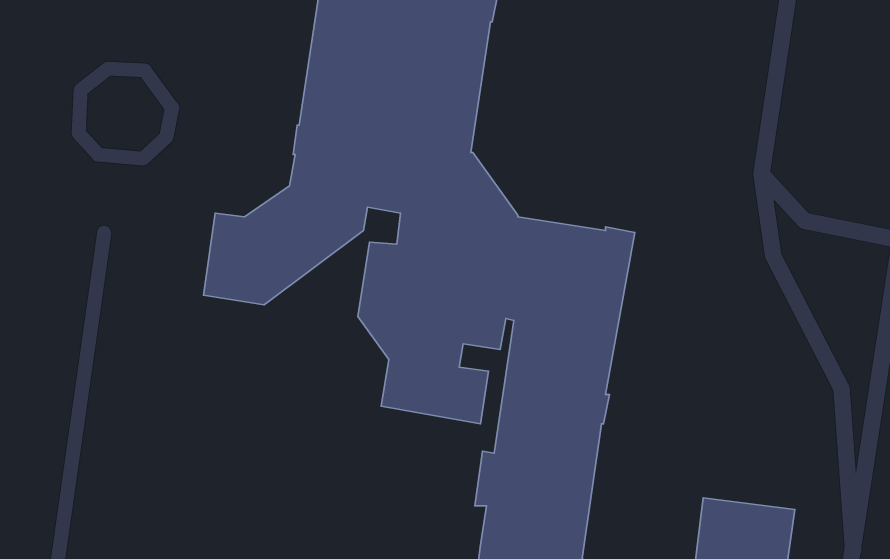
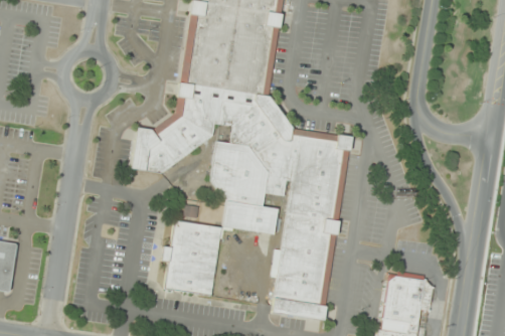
building: none -> [160,204,221,297]

